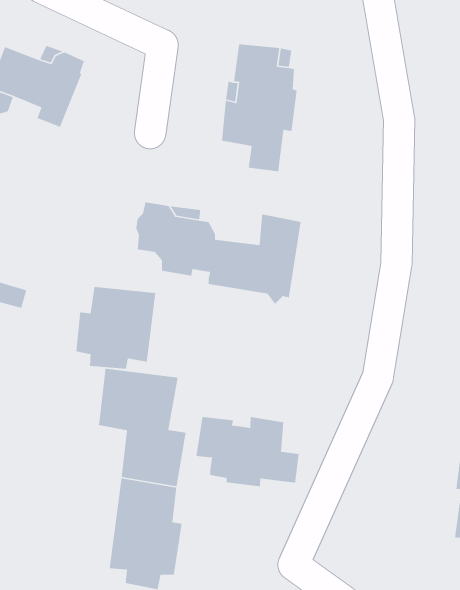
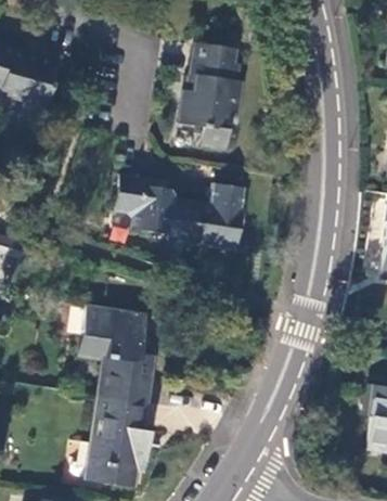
building: [76,286,156,369] -> none
building: [196,416,299,487] -> none

